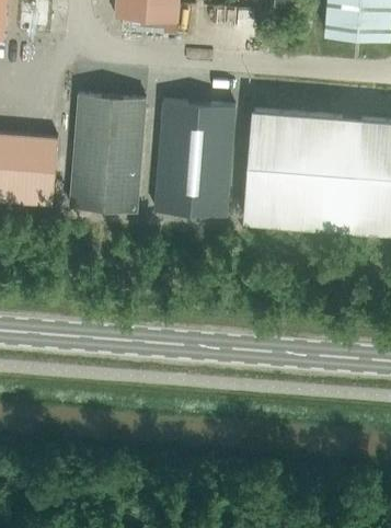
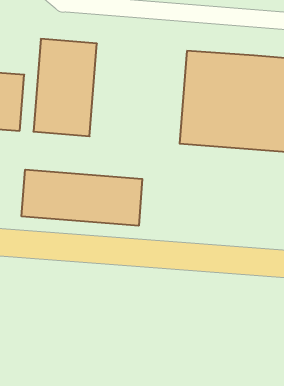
building: [153,103,234,218] -> none
building: none -> [22,170,142,226]

